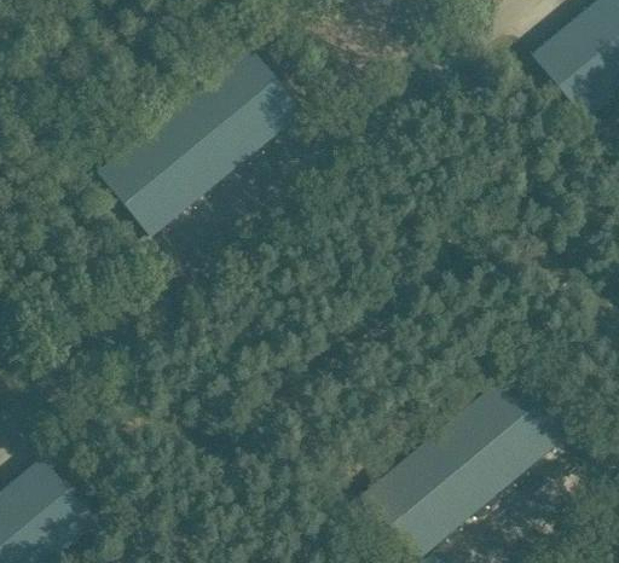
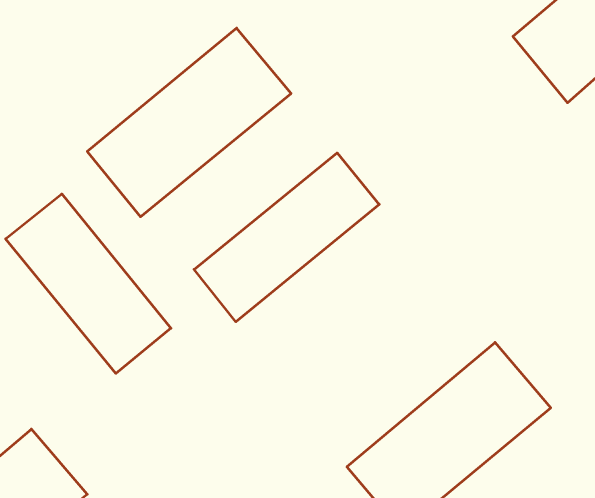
building: none -> [194,153,379,322]
building: none -> [6,194,171,373]

